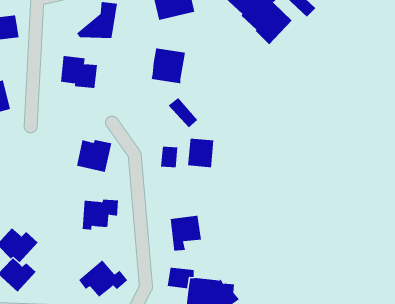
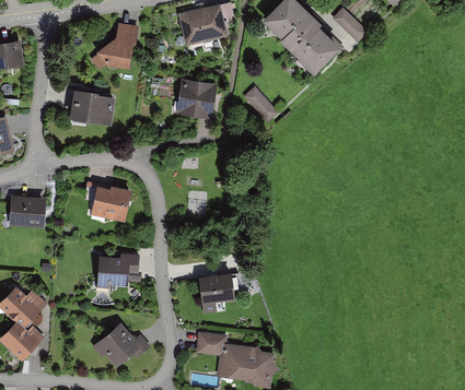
building: [168,97,198,128] -> [243,86,278,122]
building: [188,138,214,168] -> none
building: none -> [9,194,45,228]

